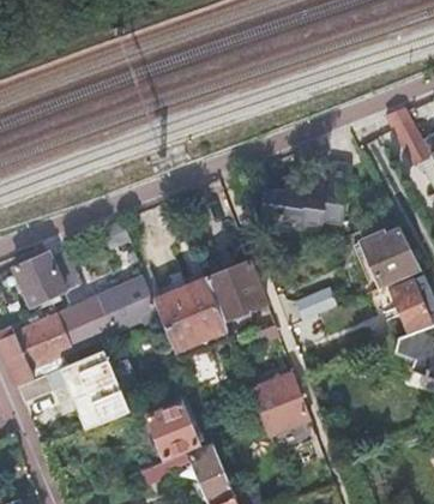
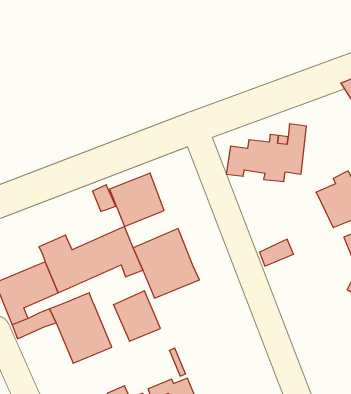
building: [13,251,77,306] -> none
building: [203,260,264,320] -> [110,173,164,226]
building: [248,372,309,433] -> none
building: [146,400,199,456] -> [113,291,160,341]

